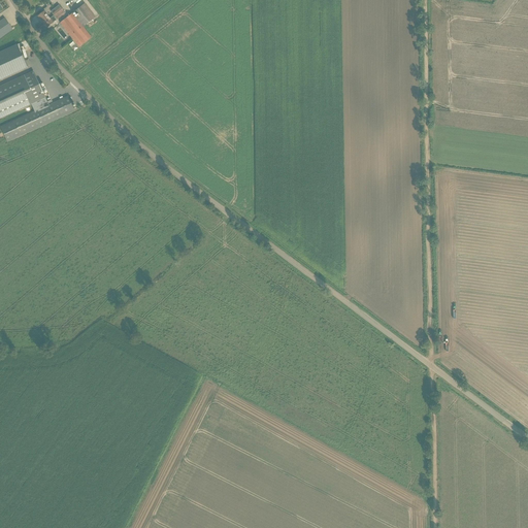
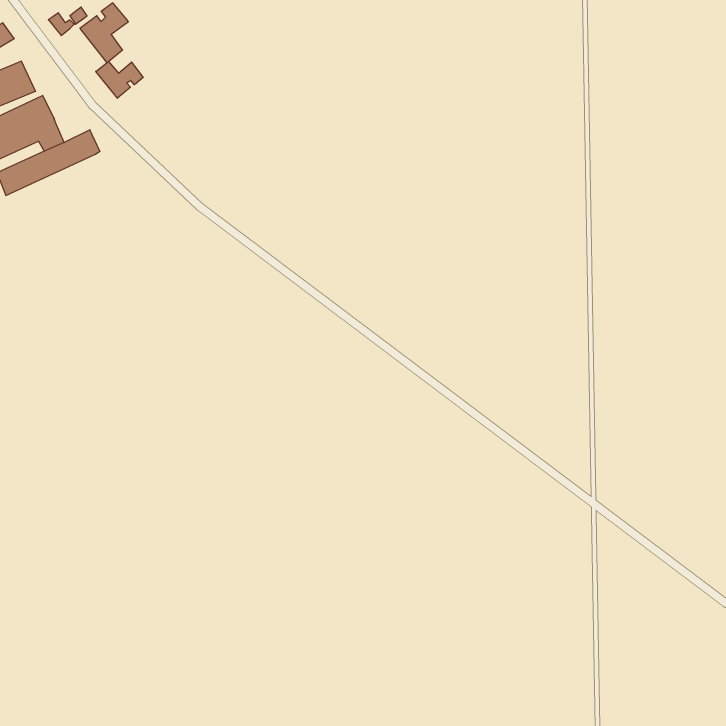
building: none -> [96,62,143,98]

